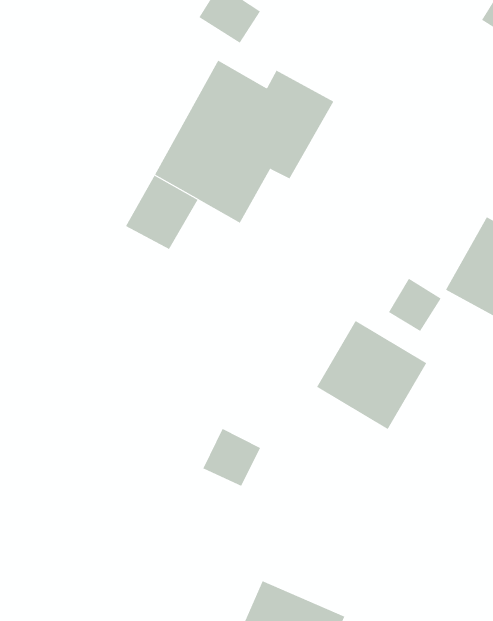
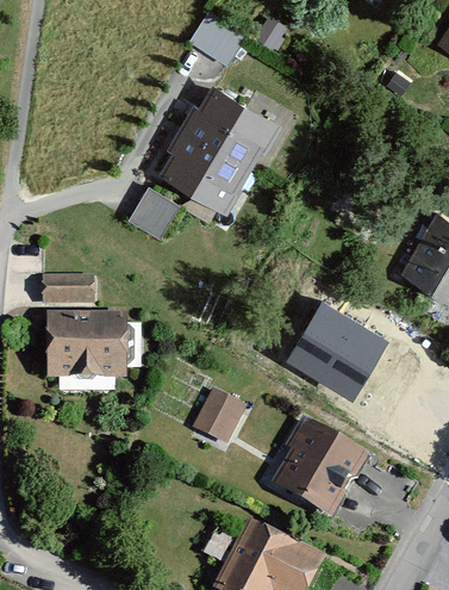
building: [388,278,441,332] -> none
building: none -> [42,275,92,305]
building: none -> [44,317,120,378]
building: none -> [268,420,362,521]

